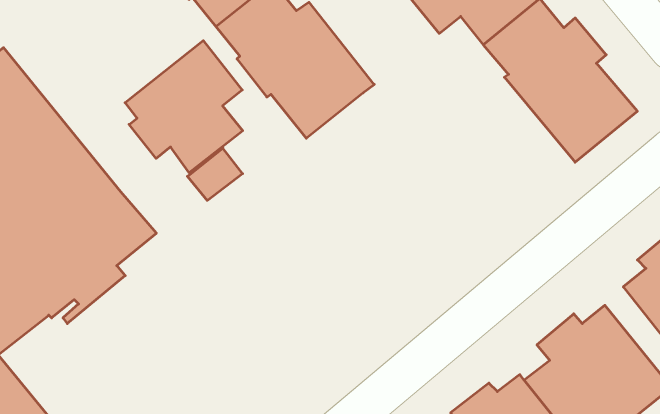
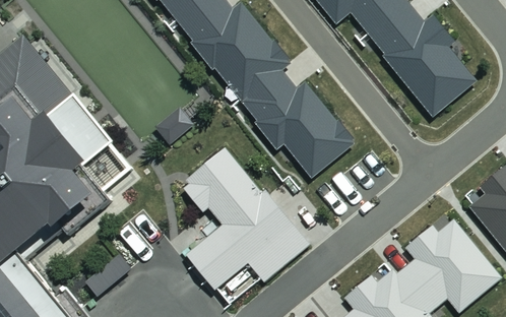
building: [125,41,243,173] -> none
building: none -> [240,67,355,178]
building: none -> [183,148,309,290]

